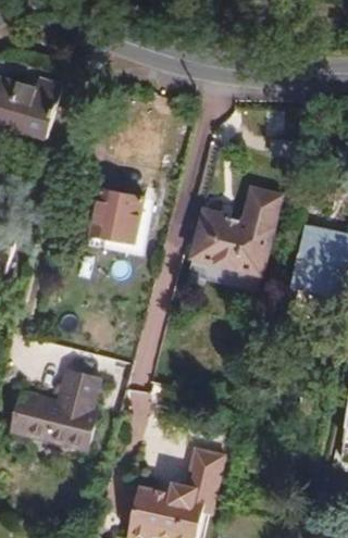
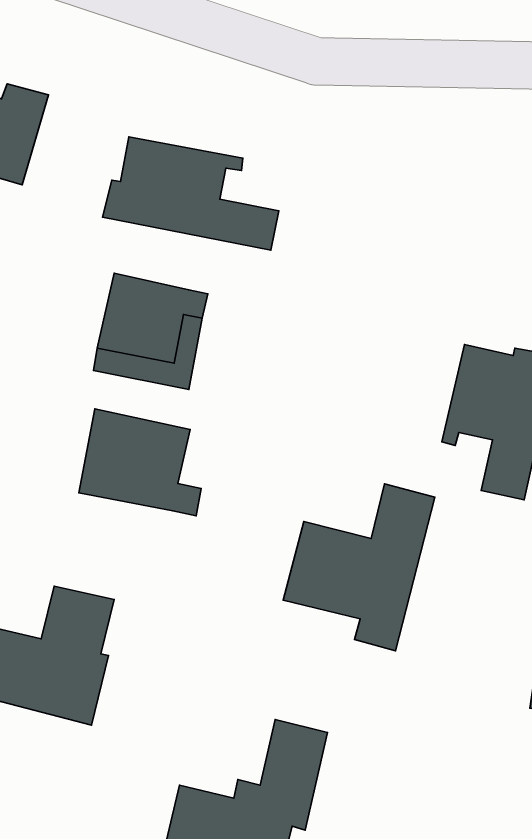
building: none -> [103,137,279,250]
building: [191,188,279,285] -> [283,484,435,651]
building: none -> [79,409,201,516]

